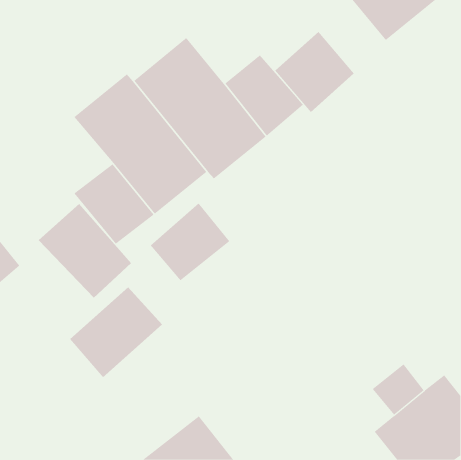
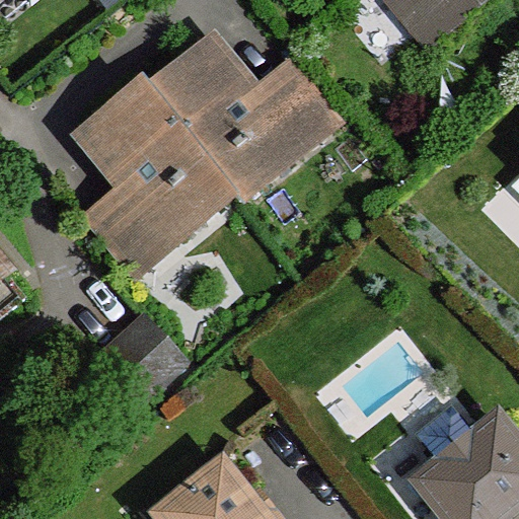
building: [275,31,355,113] -> none
building: [150,202,230,281] -> none
building: [38,203,132,299] -> none

